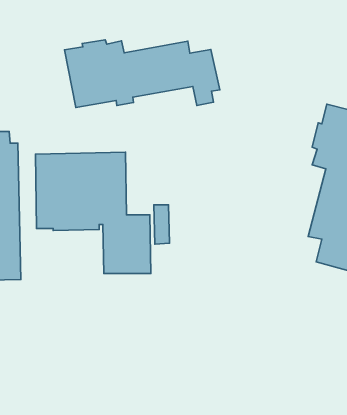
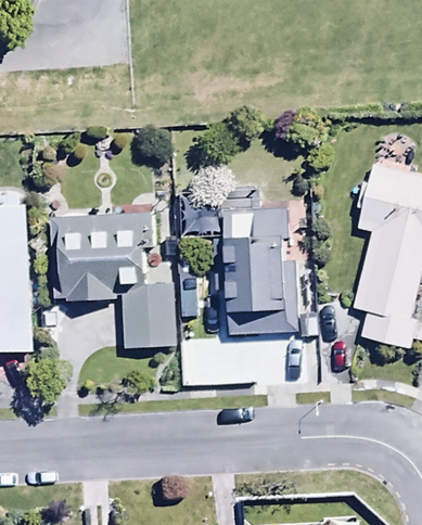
building: [64,40,220,107] -> none
building: none -> [179,190,297,334]

